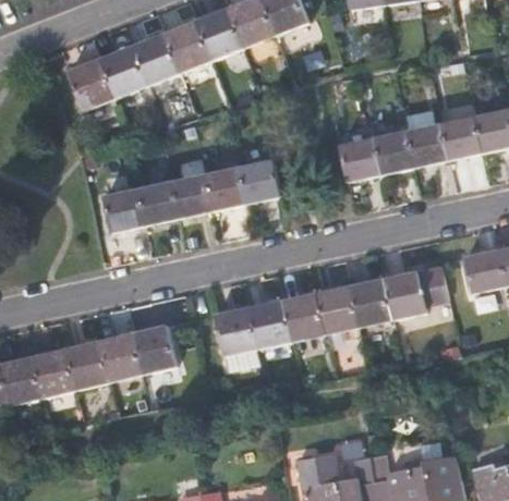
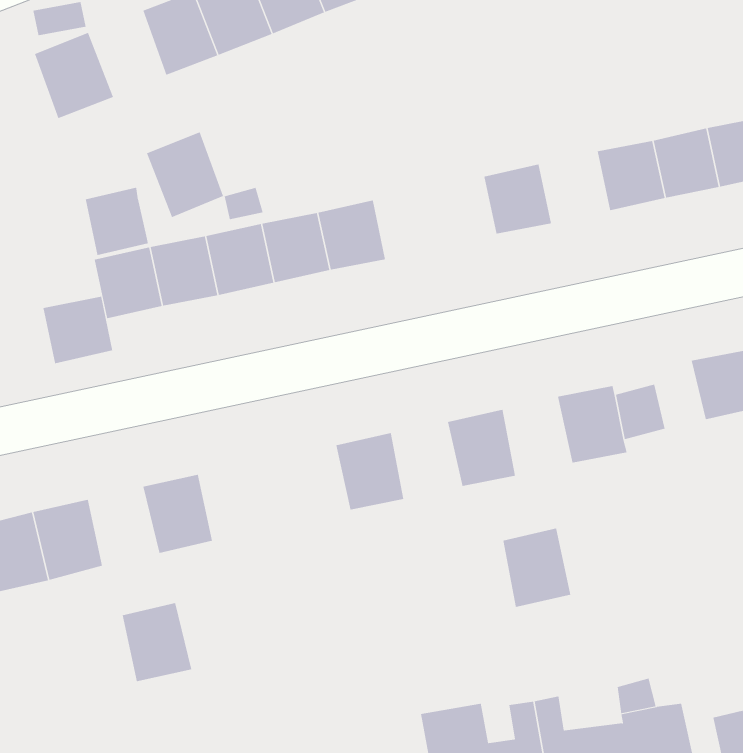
building: [99,45,146,97] -> [146,131,224,218]
building: [372,130,414,173] -> none
building: none -> [85,187,149,256]
building: none -> [43,296,113,364]
building: [350,278,391,326] -> [503,528,571,607]
building: [282,293,325,340] -> none
building: [214,307,257,354] -> none
building: [99,332,142,380] -> [122,603,192,682]

